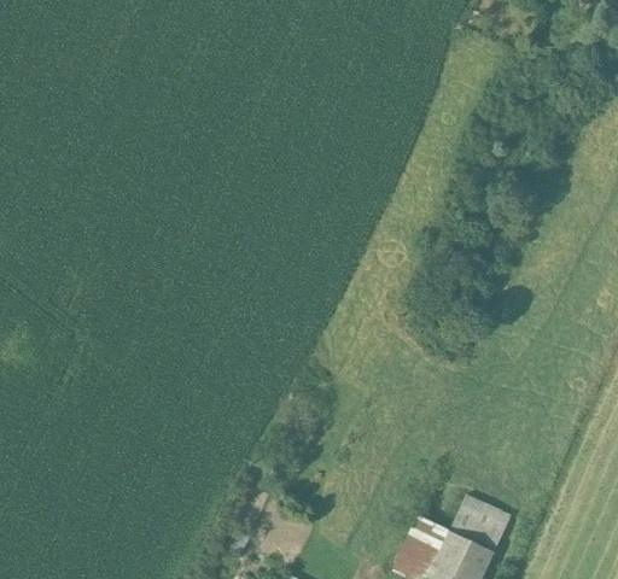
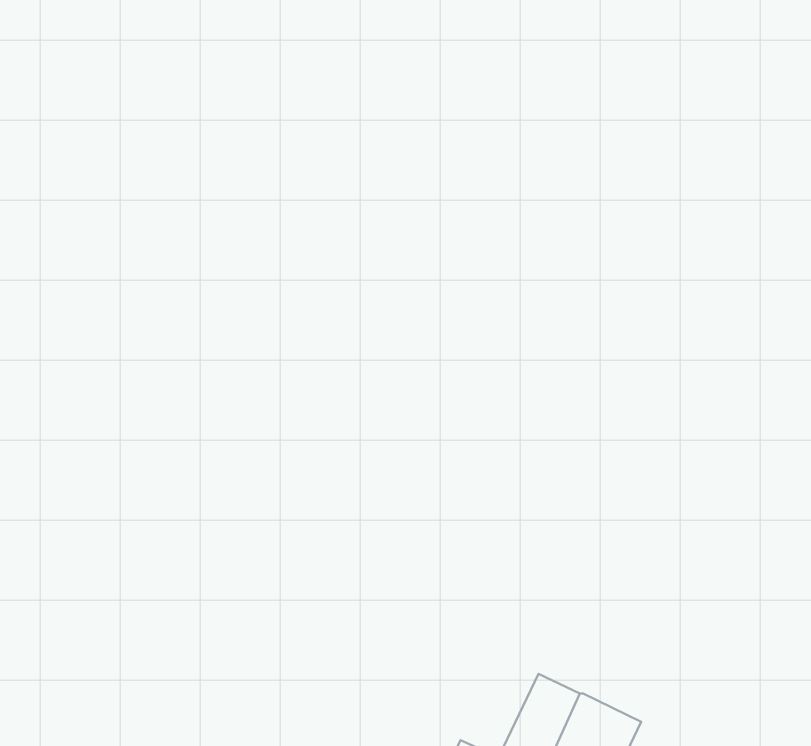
building: [450,496,511,555] -> none

